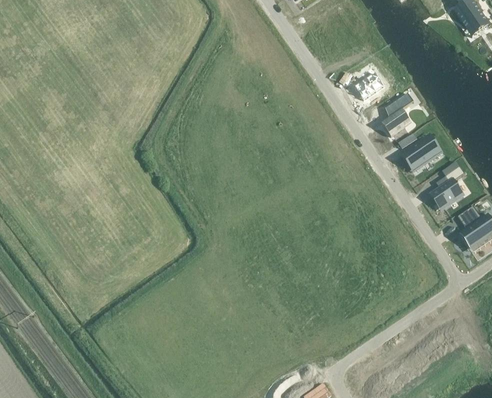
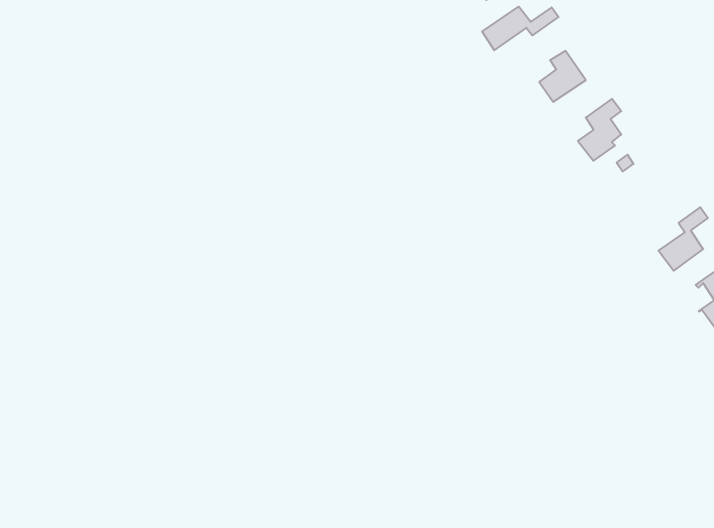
building: none -> [482,7,559,50]
building: [404,138,436,169] -> none

